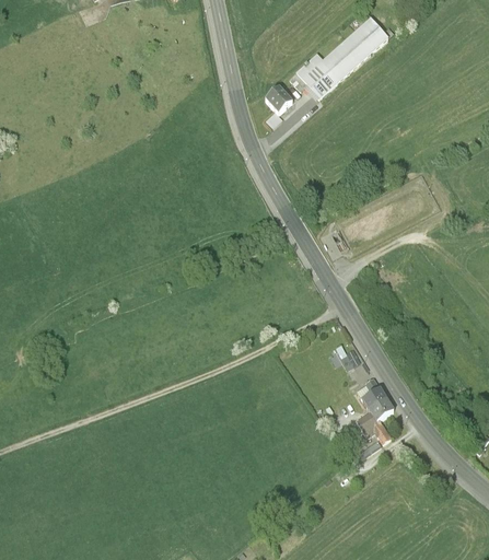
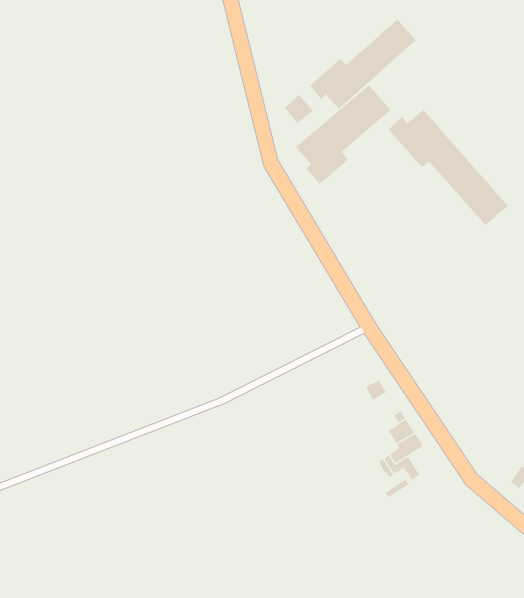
building: none -> [295,84,391,185]
building: none -> [388,109,509,226]

